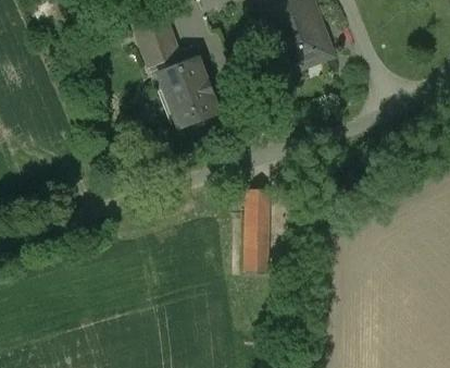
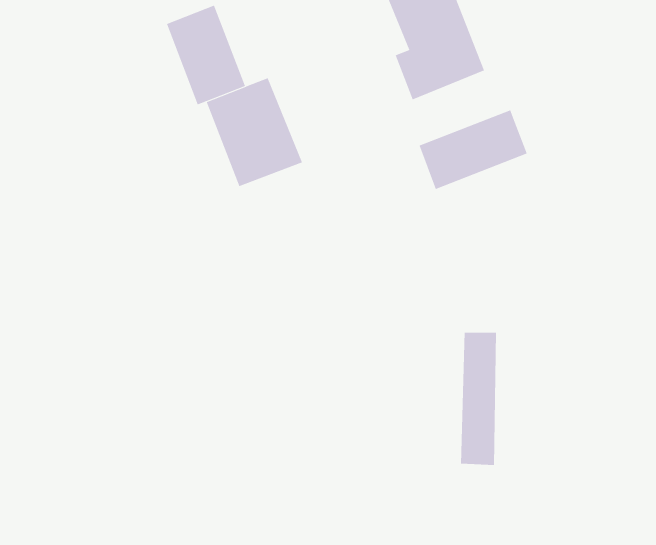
building: none -> [419,109,527,190]
building: [245,187,267,271] -> [460,332,497,466]

